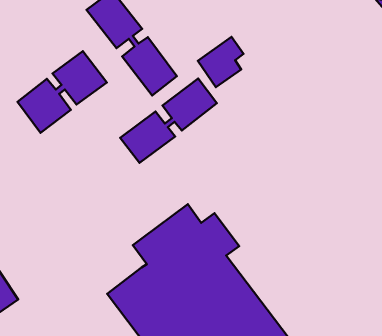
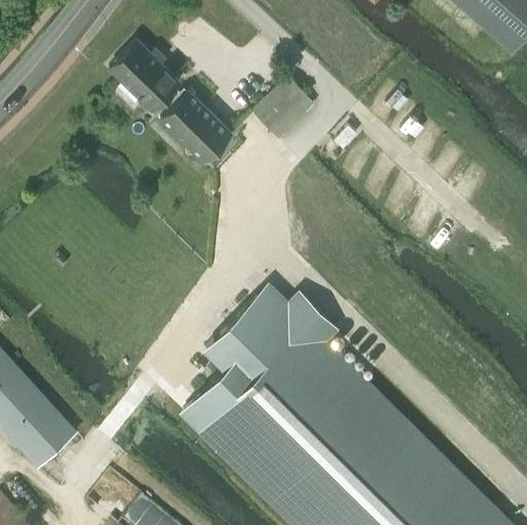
building: [17,51,107,133] -> none
building: [120,78,217,163] -> none

